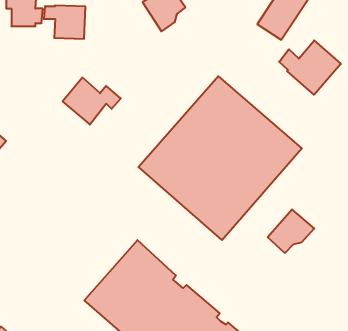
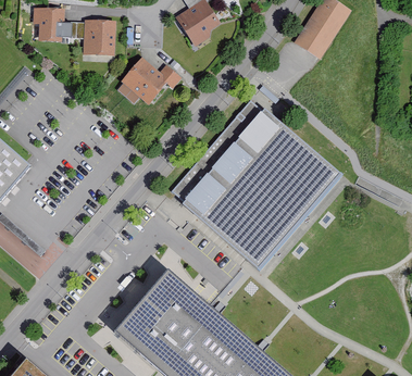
building: [279,40,341,95] -> none
building: [63,78,121,125] -> [120,59,180,108]
building: [268,209,314,253] -> none

